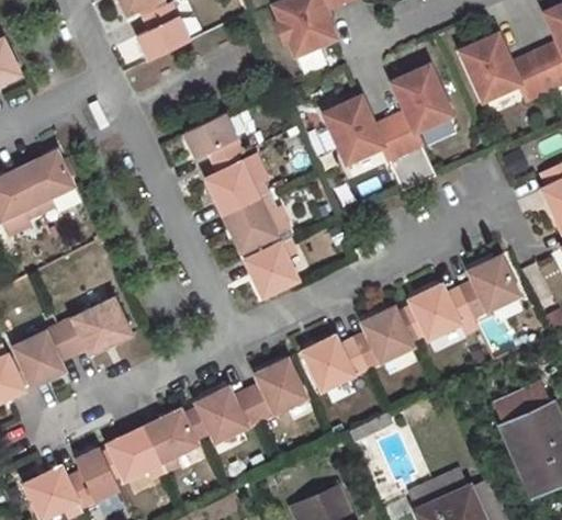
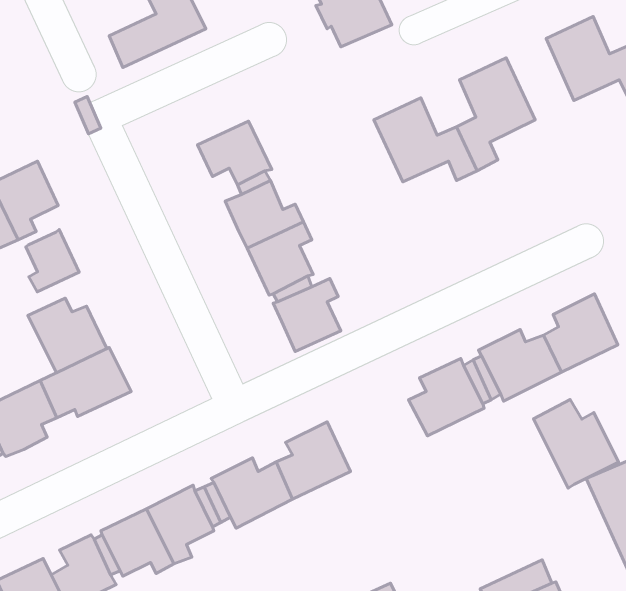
building: none -> [26,229,79,292]
building: none -> [28,298,107,373]
building: [301,335,367,391] -> none
building: none -> [533,400,619,488]

